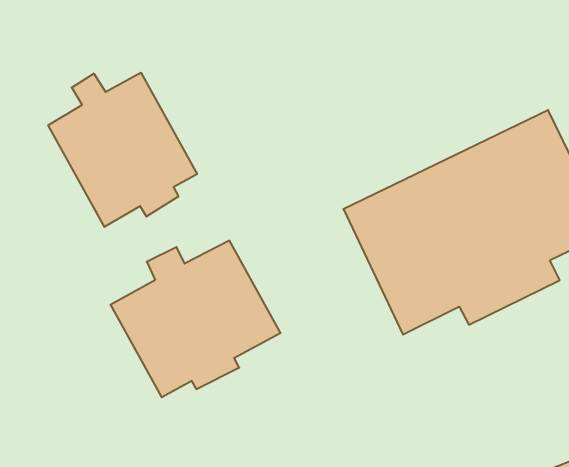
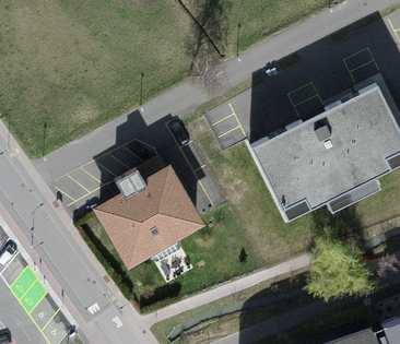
building: [48,73,197,227] -> none

